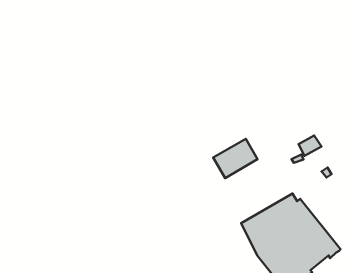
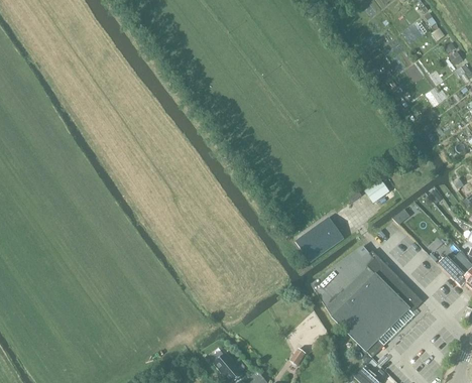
building: [213,139,258,178] -> [296,218,344,263]

